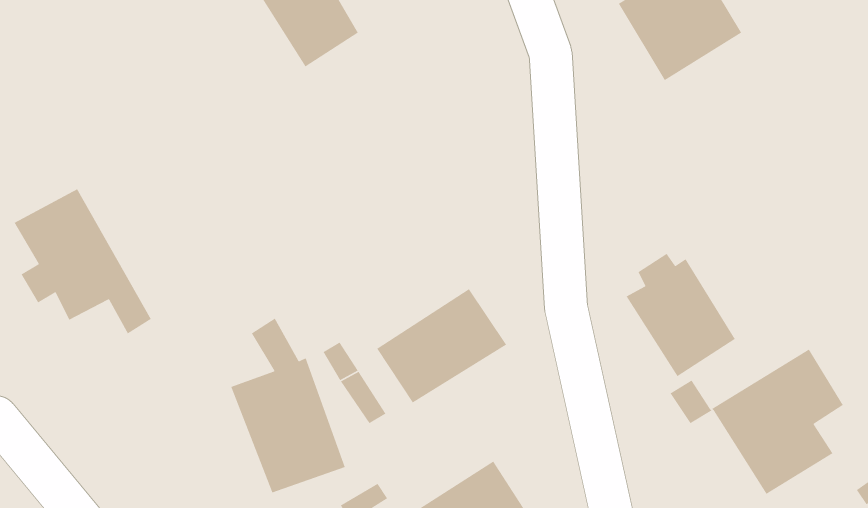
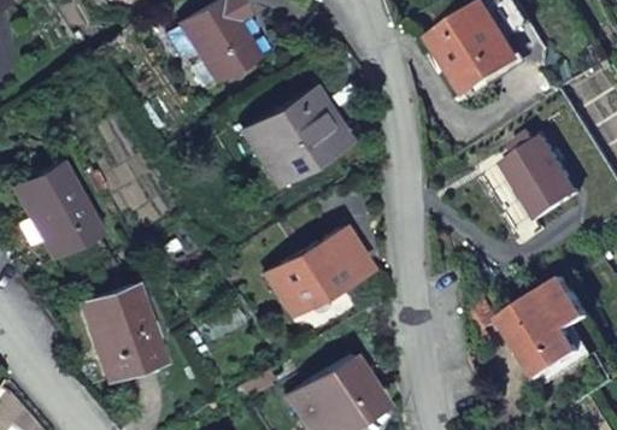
building: none -> [245,93,337,183]
building: [625,253,736,377] -> [505,131,582,218]
building: [230,318,346,493] -> [78,255,159,378]

